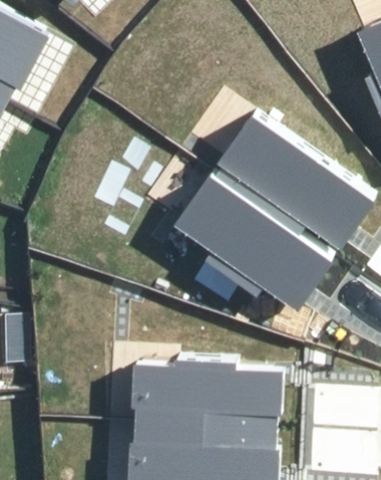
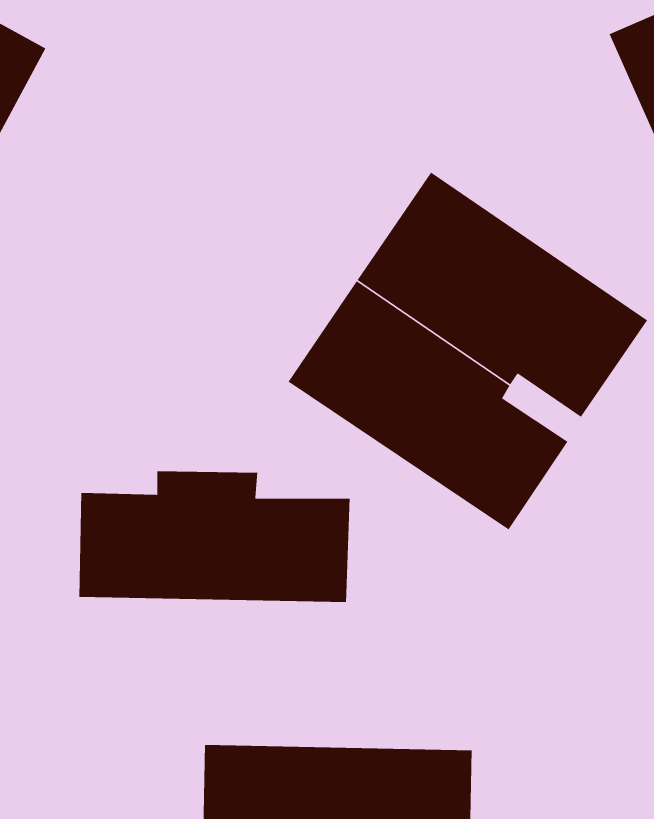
building: [131,358,282,432] -> [79,471,351,603]

